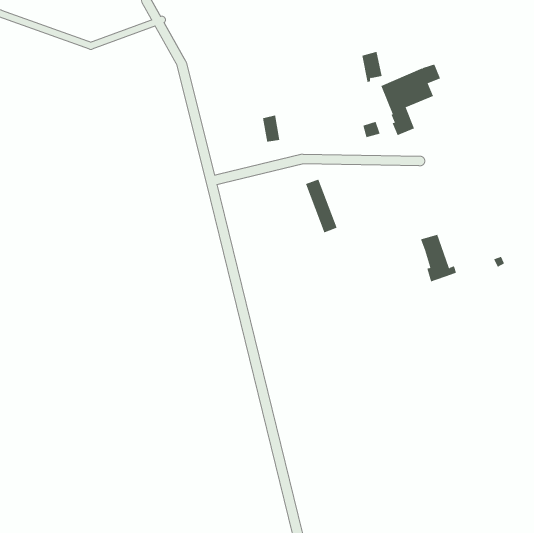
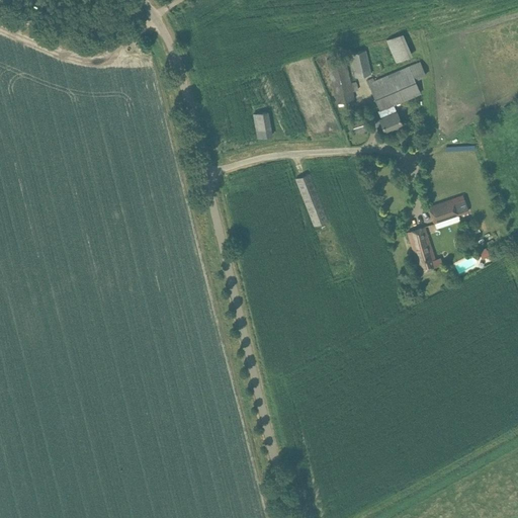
building: none -> [386,34,414,63]
building: none -> [327,57,358,104]
building: none -> [428,199,466,225]

